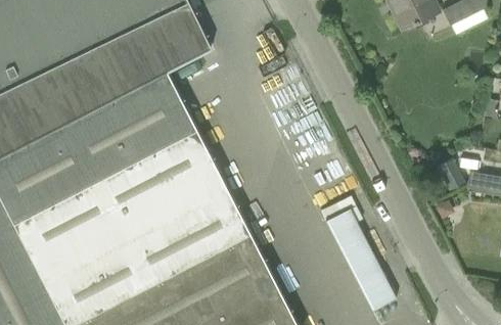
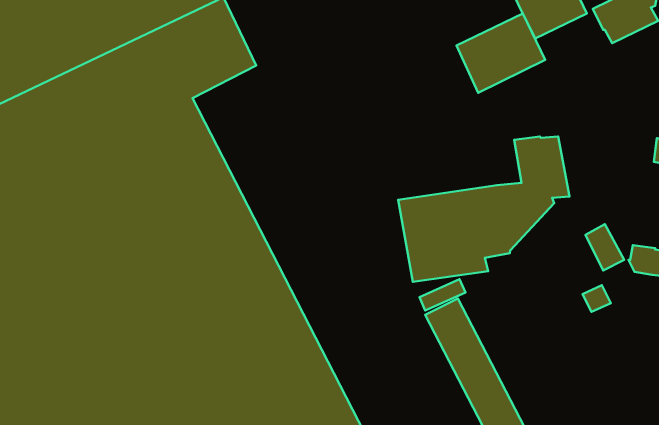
building: none -> [456,13,545,93]
building: none -> [398,136,569,282]

